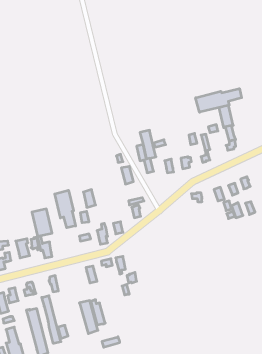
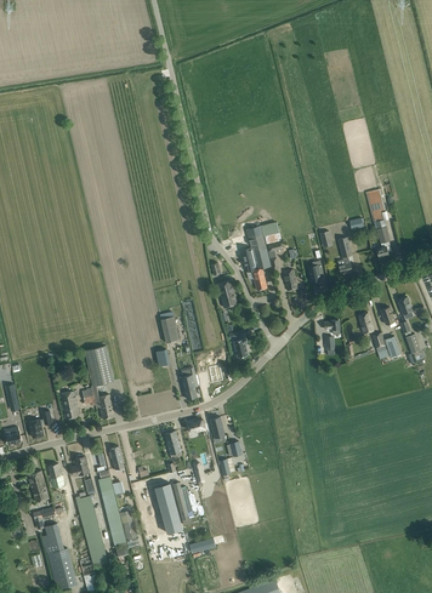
building: [196,89,242,112] -> none
building: [55,190,76,228] -> none

